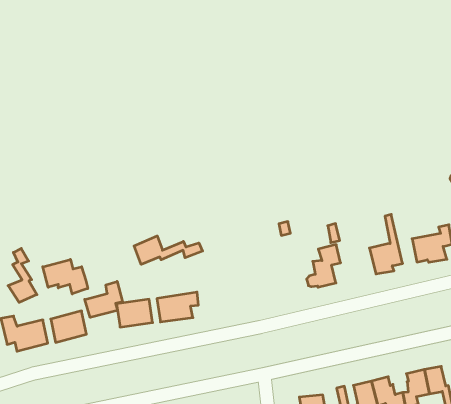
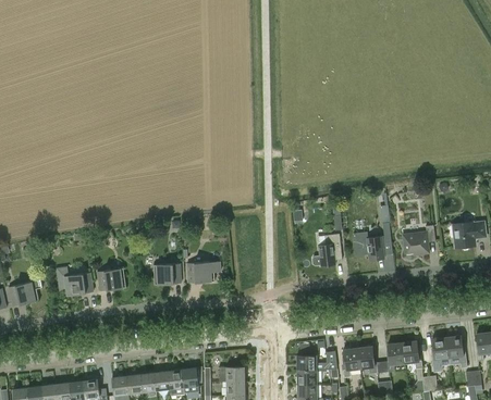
building: [134,236,203,264] -> none
building: [8,248,37,302] -> none
building: [43,259,88,294] -> none
building: [85,281,122,317] -> none

